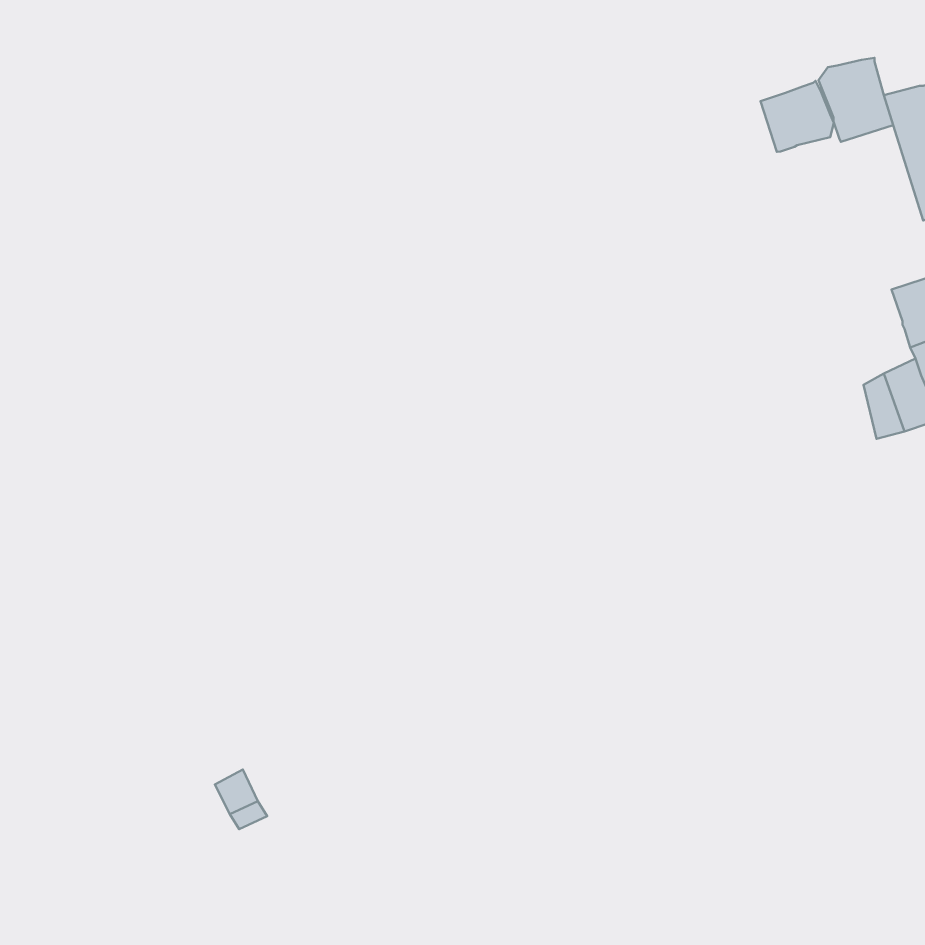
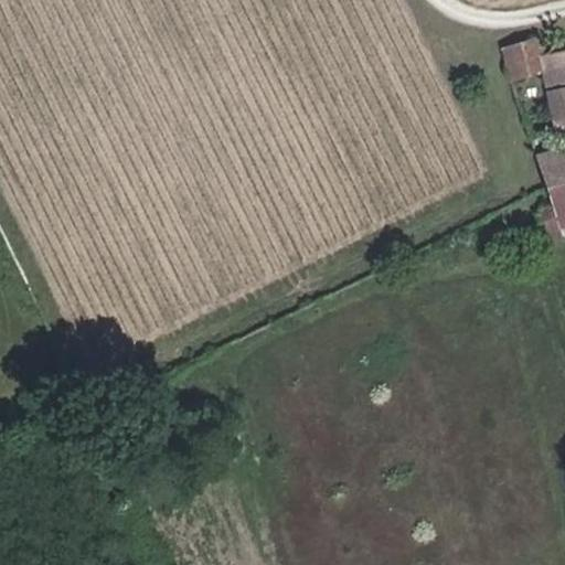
building: [761,81,834,152] -> none

